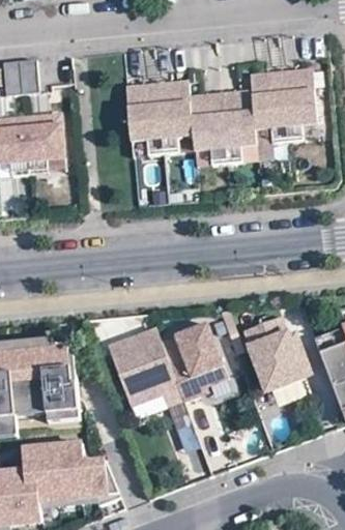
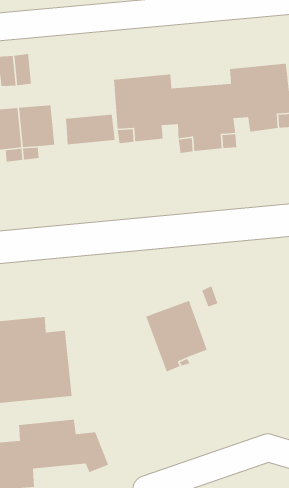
building: none -> [65,114,115,145]
building: [242,316,309,390] -> none
building: [108,326,181,404] -> none

